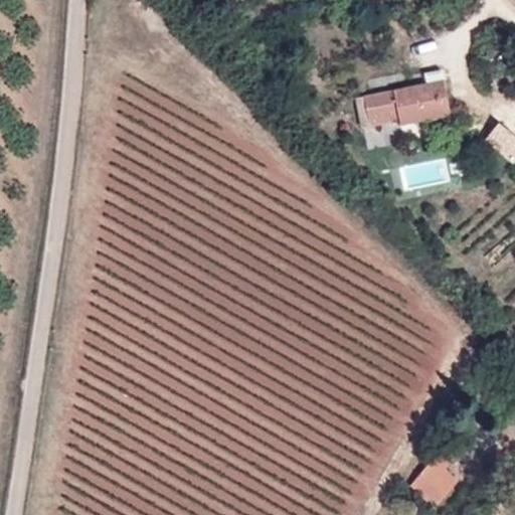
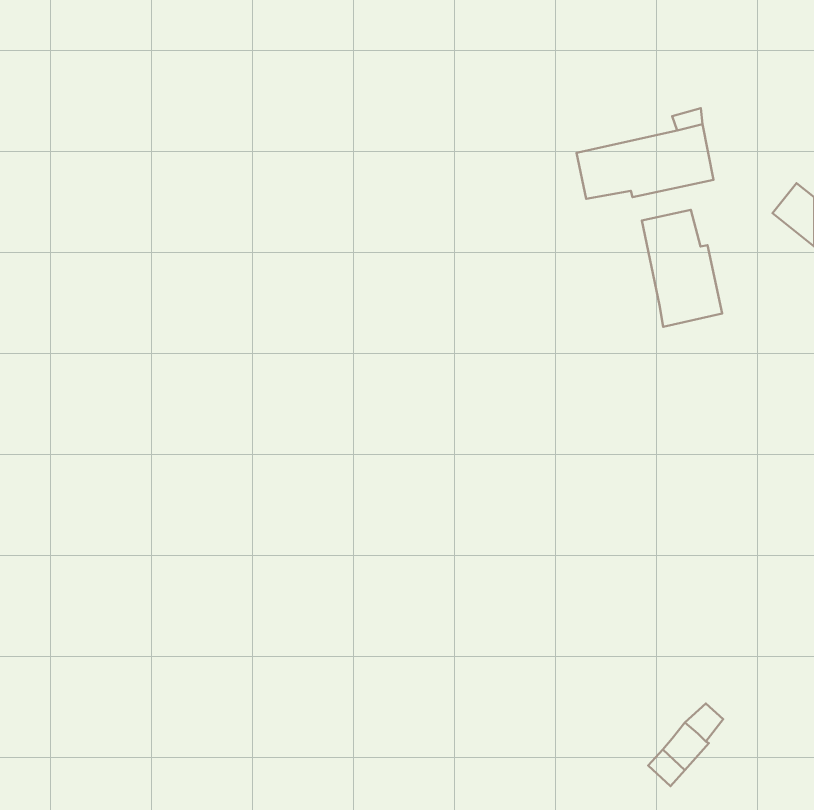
building: none -> [642,210,722,327]

